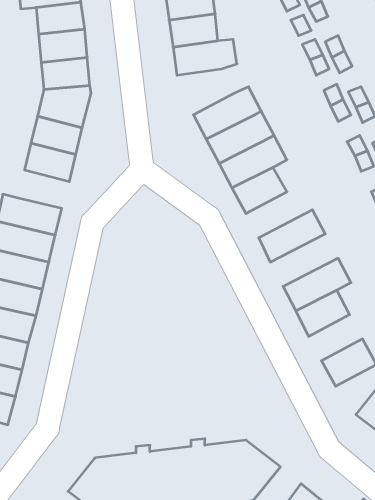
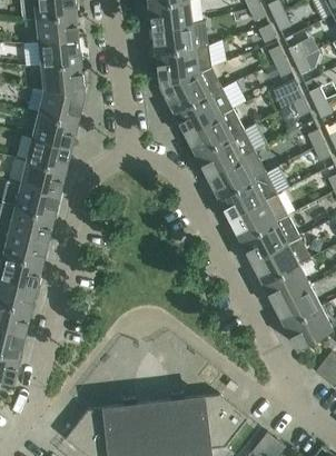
building: none -> [159,71,209,111]
building: none -> [21,159,66,192]
building: none -> [219,172,277,218]
building: none -> [240,215,299,260]
building: none -> [274,285,320,325]

